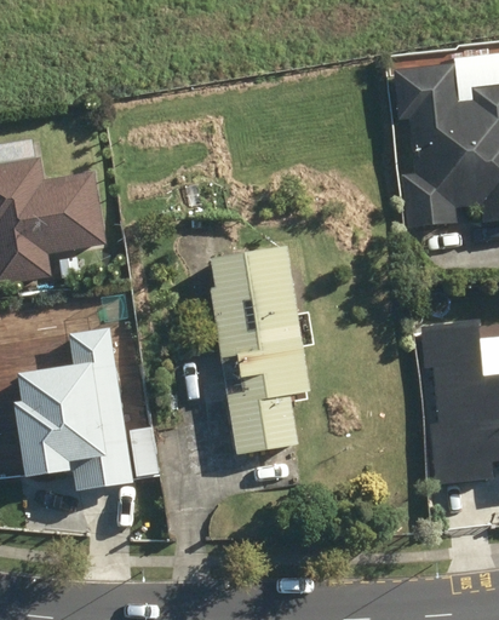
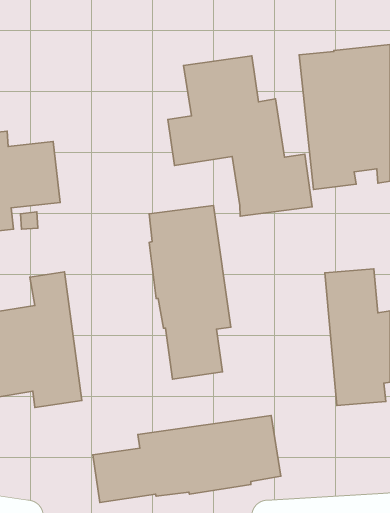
building: none -> [168,56,312,216]
building: none -> [93,415,281,502]

